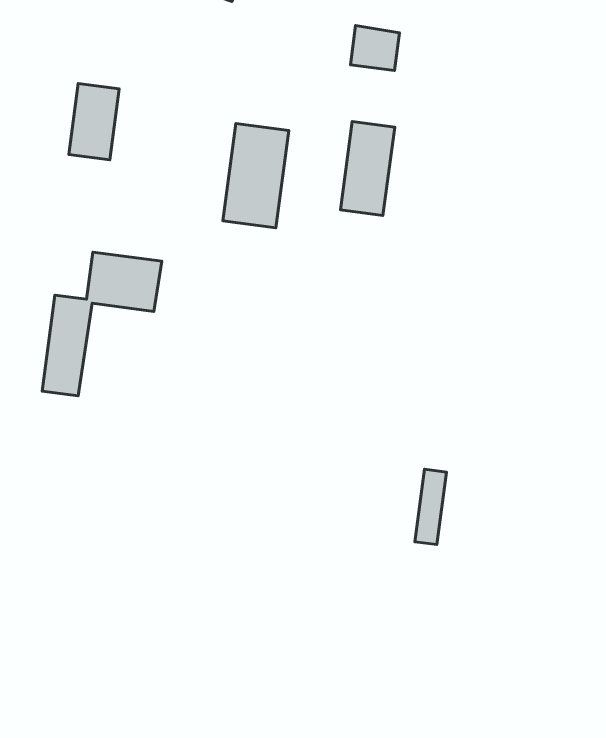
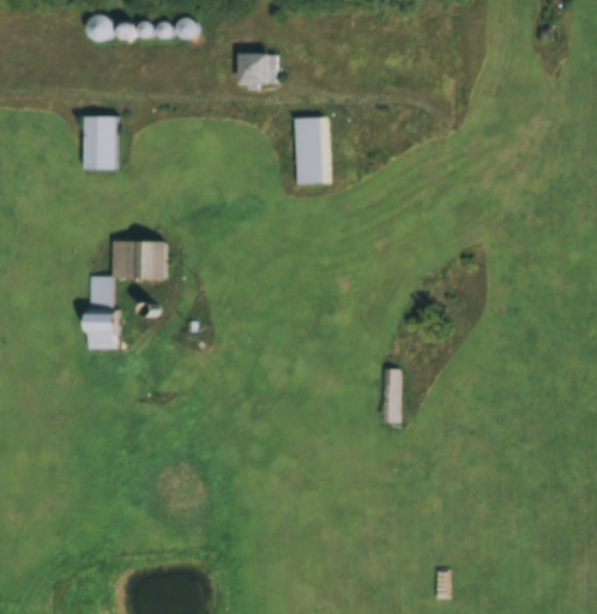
building: [350,25,399,71] -> [241,53,275,83]
building: [223,123,289,228] -> none

